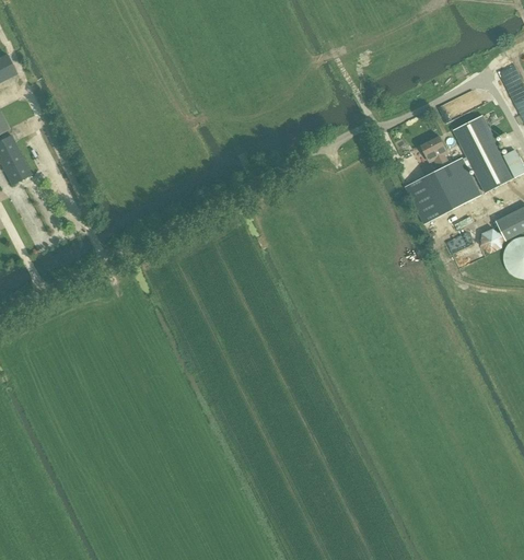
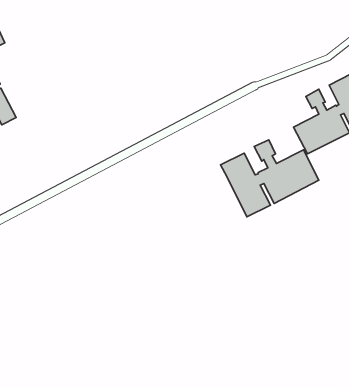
building: none -> [220,140,319,217]

